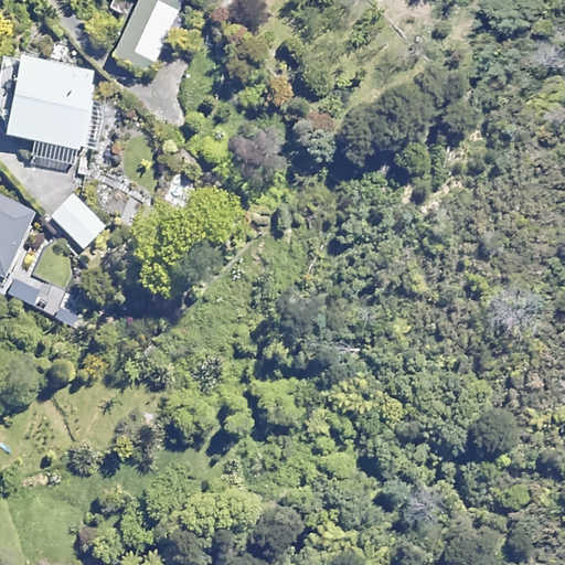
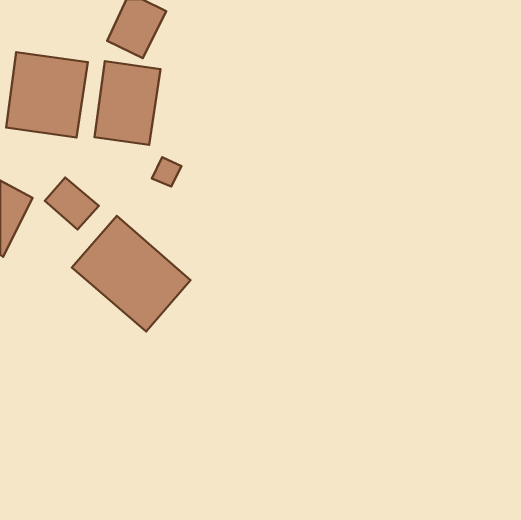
building: none -> [94,61,160,145]
building: none -> [72,216,190,332]

